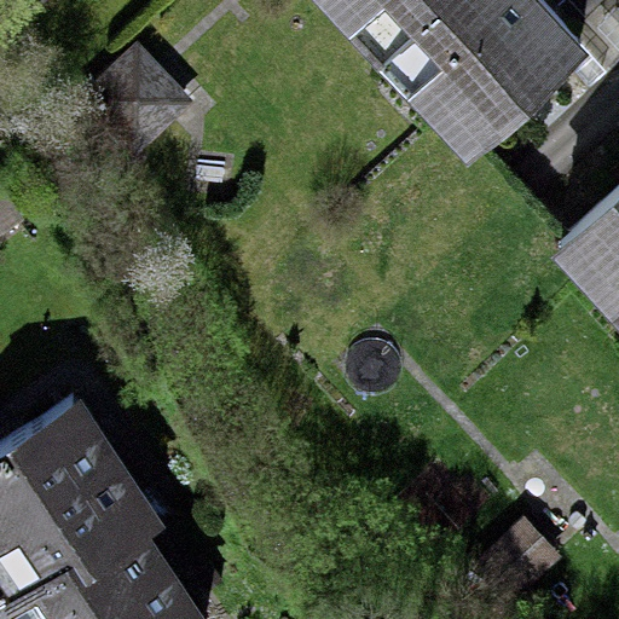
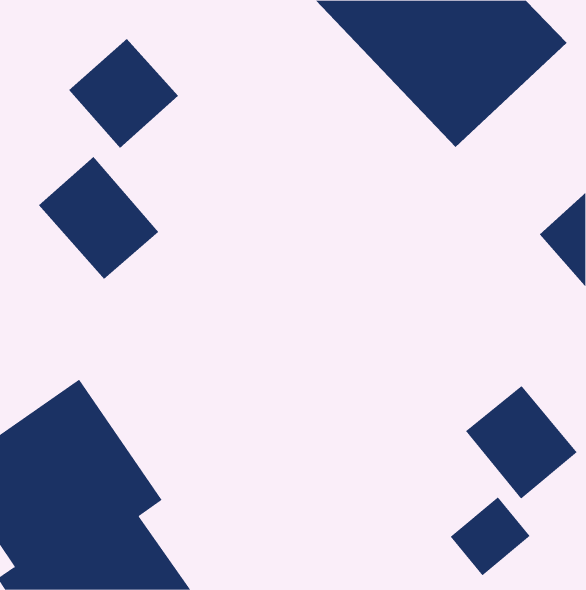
building: none -> [38,156,159,280]
building: none -> [465,385,577,499]

